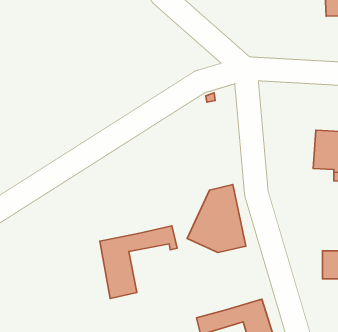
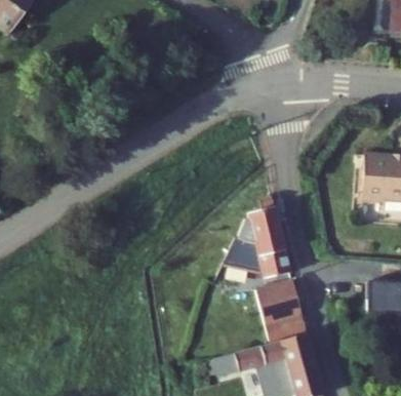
building: [100,226,177,299] -> none
building: none -> [252,284,305,347]

